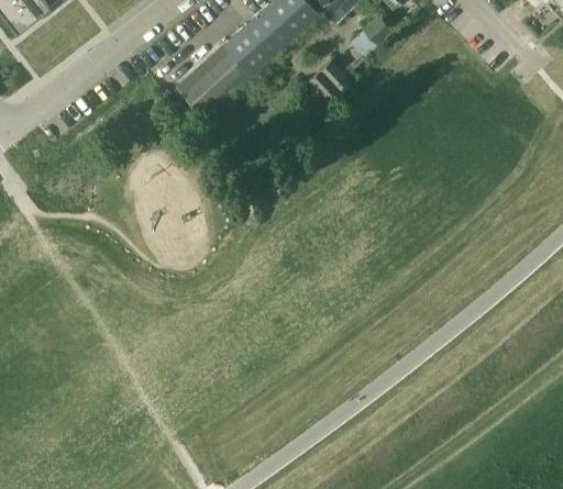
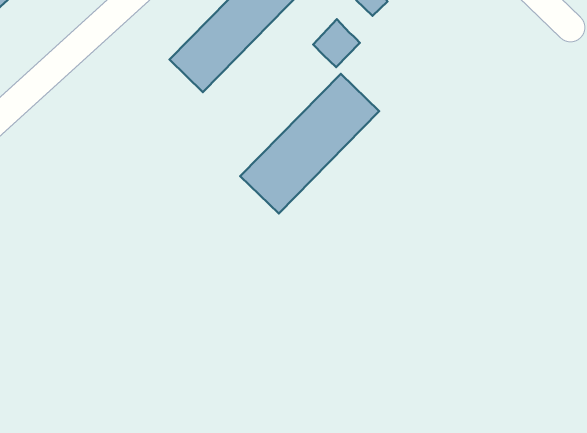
building: none -> [240,74,379,214]

